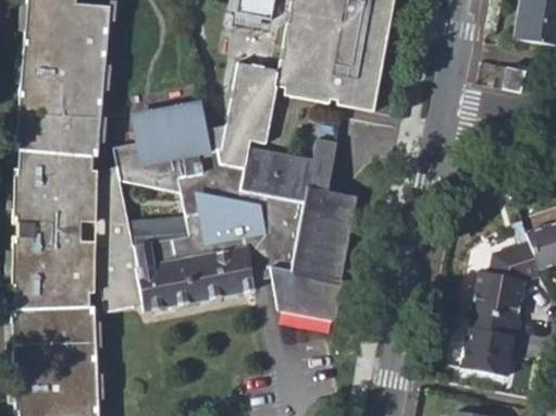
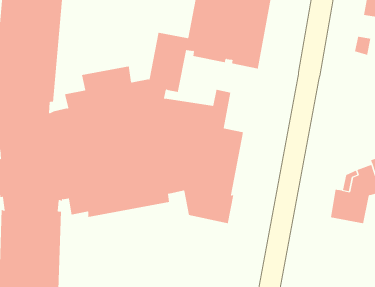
building: [460,311,522,377] -> none

